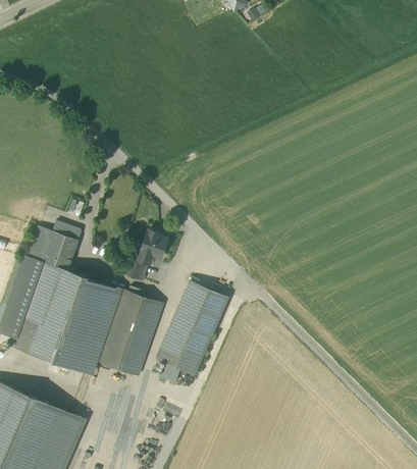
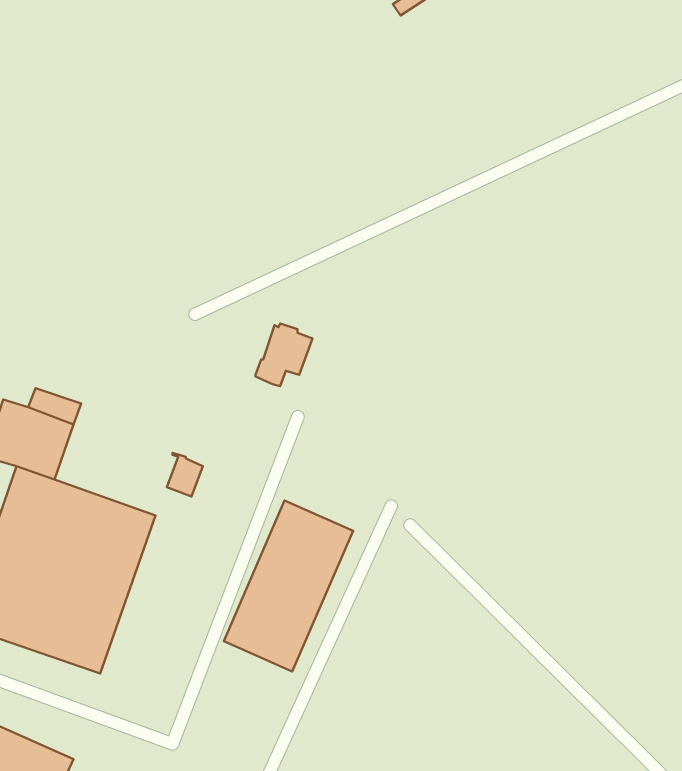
building: [137,230,167,264] -> [256,323,313,386]
building: [98,290,162,374] -> none

